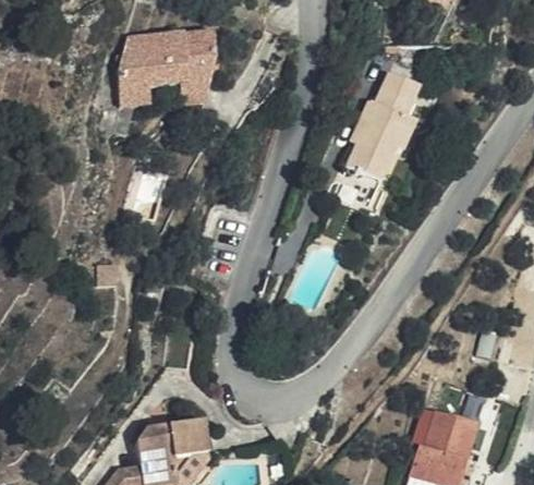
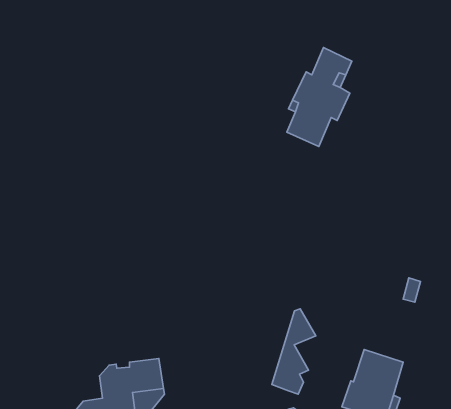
building: [118,27,205,99] -> none
building: none -> [272,309,316,394]

